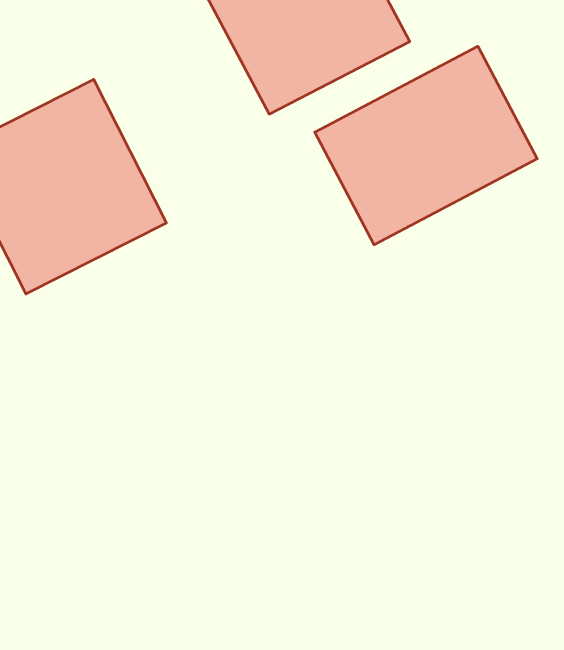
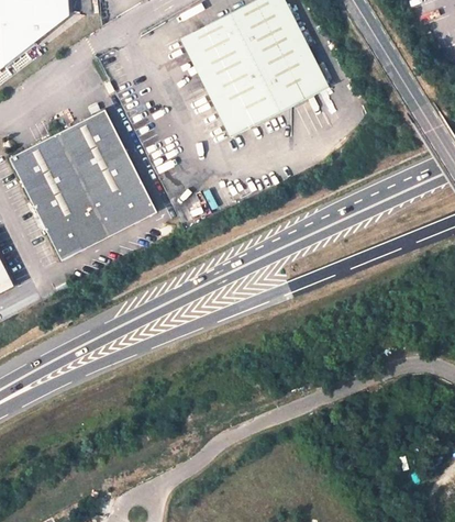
building: [315,46,537,245] -> none

